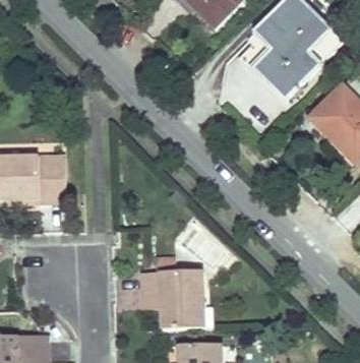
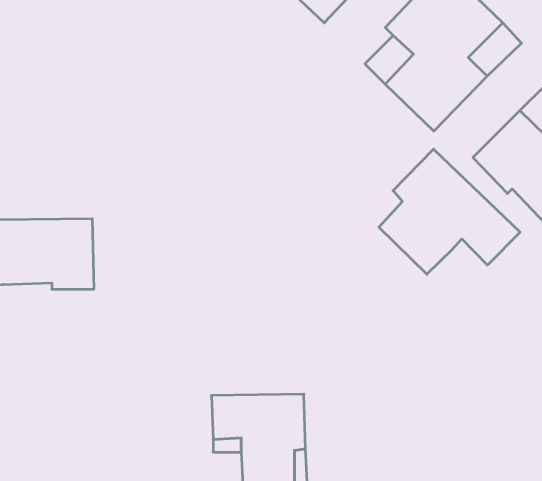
building: none -> [379,149,520,274]

